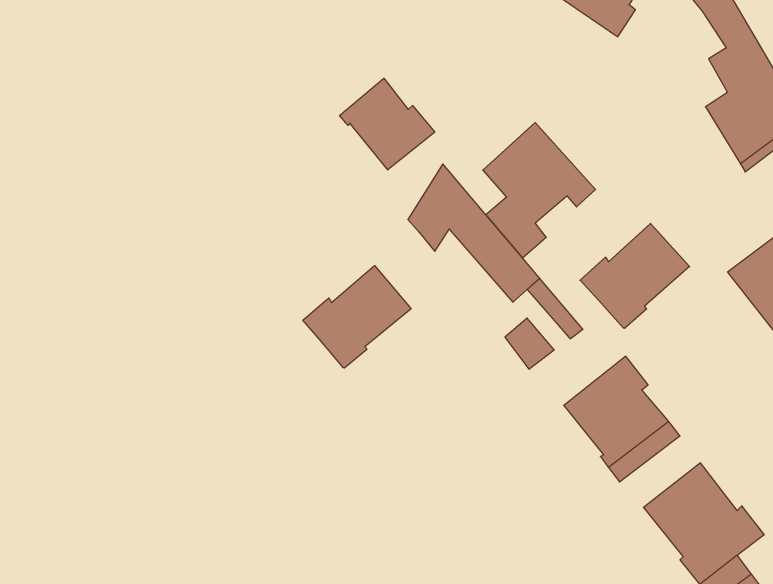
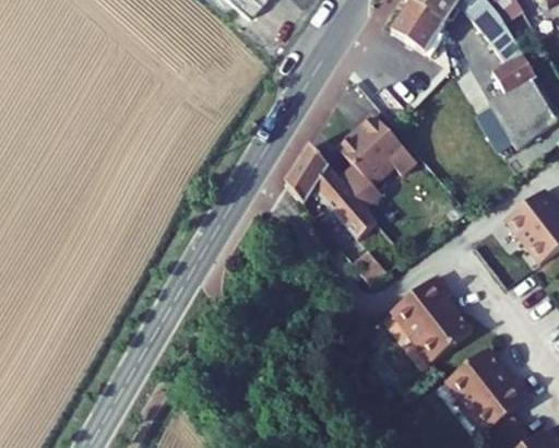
building: [340,78,435,170] -> none
building: [580,223,690,328] -> none
building: [303,266,411,368] -> none

